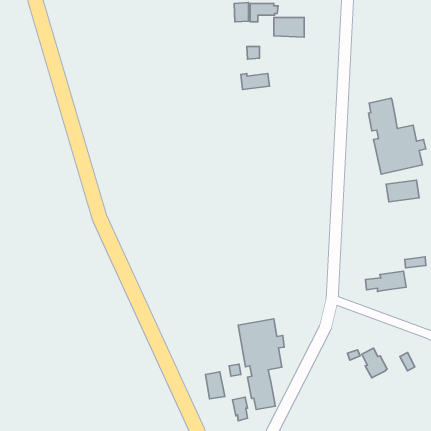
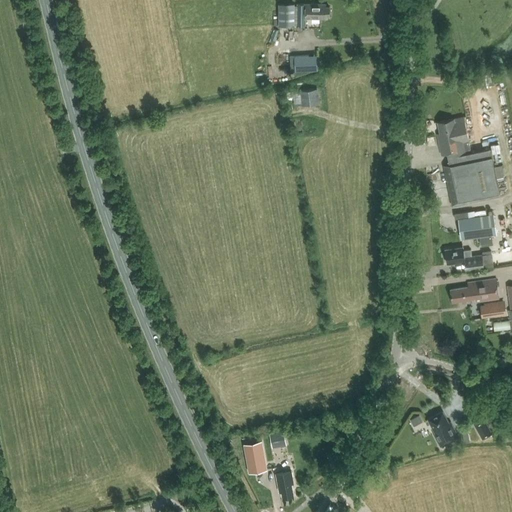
building: [274,18,304,37] -> none
building: none -> [445,248,483,273]
building: [366,271,406,291] -> [450,280,498,304]
building: [238,319,284,409] -> none

